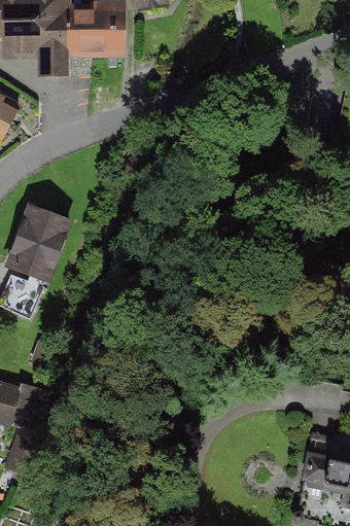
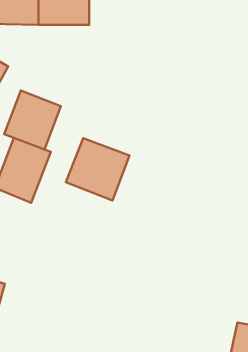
building: none -> [4,90,61,149]
building: none -> [66,138,129,200]

